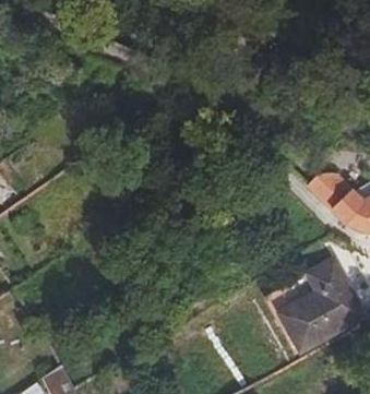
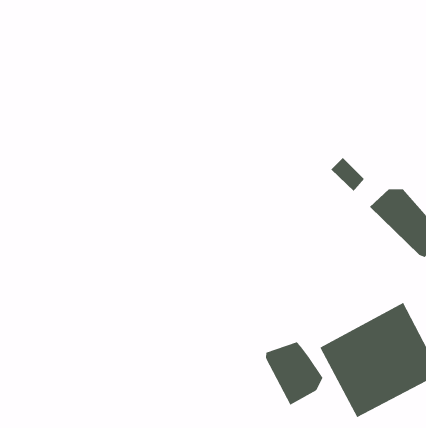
building: none -> [266,342,323,406]

